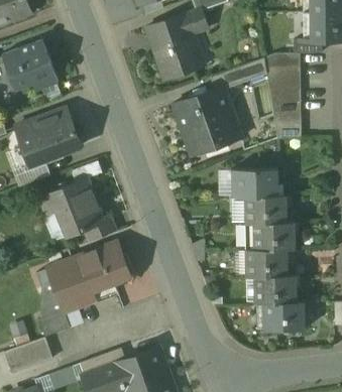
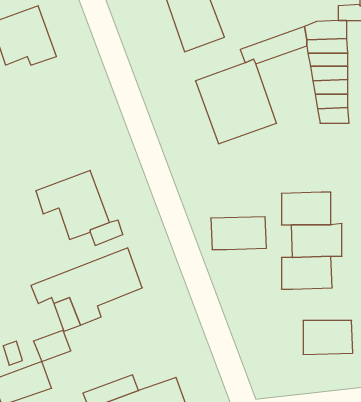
building: [15,109,82,165] -> none
building: [232,170,278,198] -> [211,217,266,250]
building: [254,276,296,303] -> none

